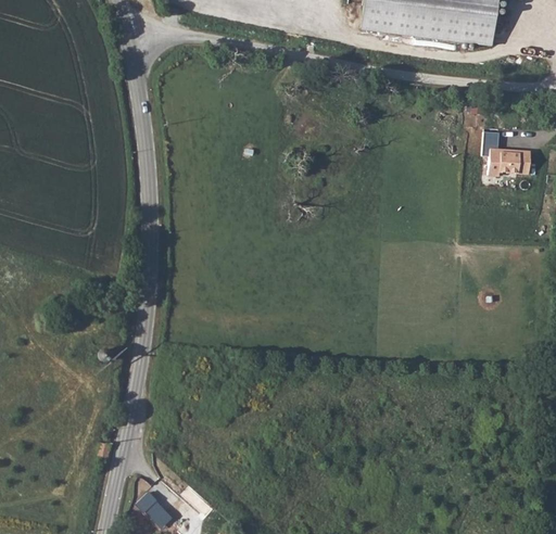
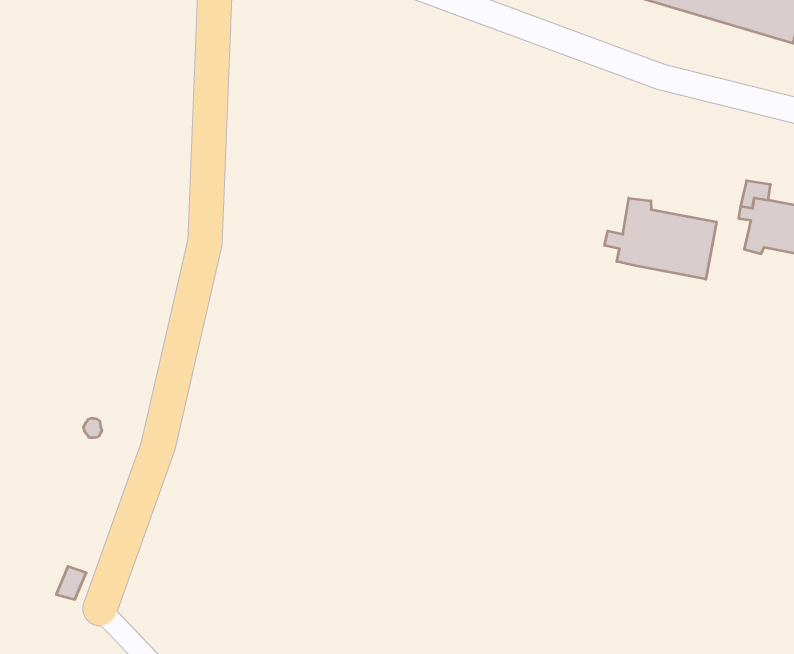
building: none -> [605,198,716,279]

